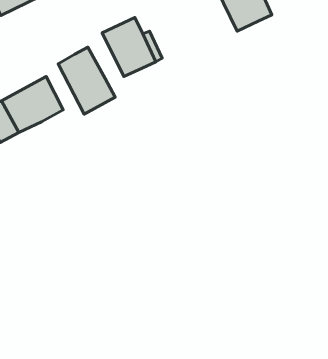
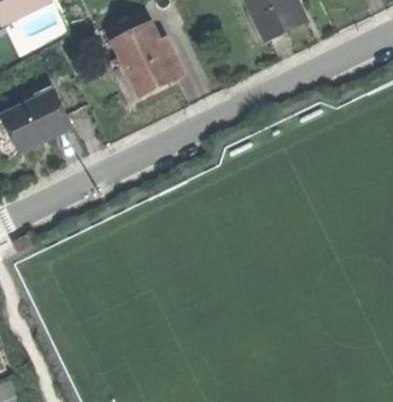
building: [58,47,115,114] -> none

